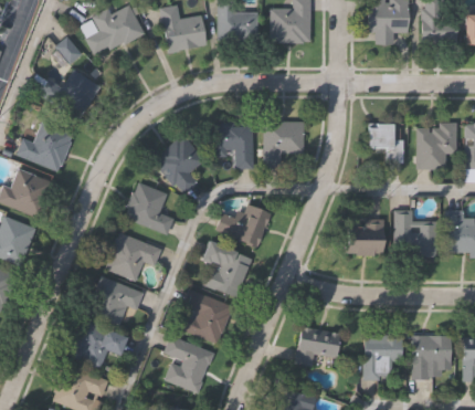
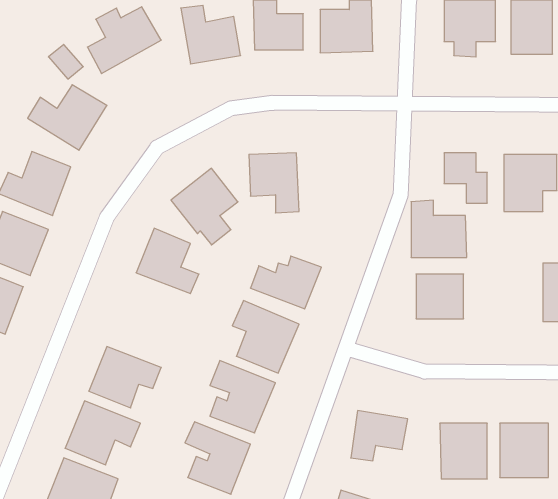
building: [265,122,304,167] -> none
building: [395,210,440,255] -> [411,200,467,257]
building: [105,232,162,282] -> none

